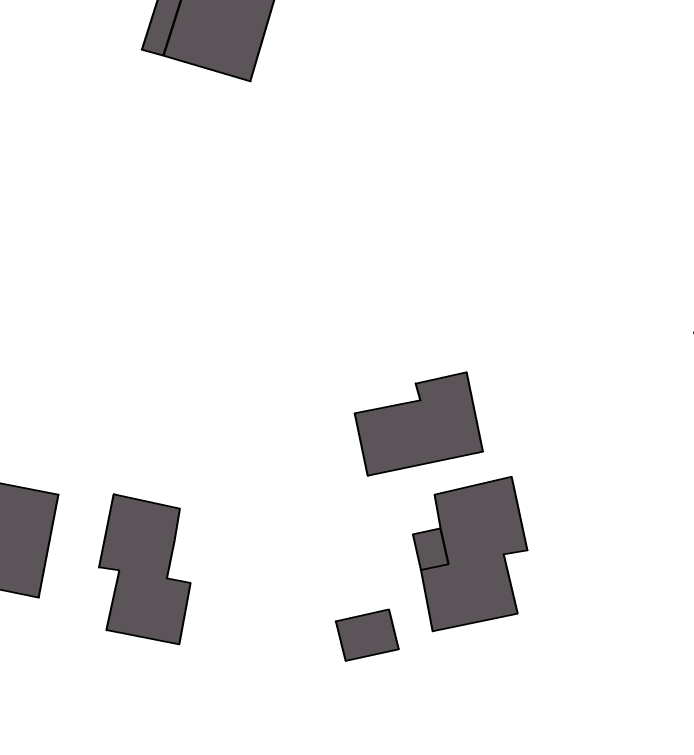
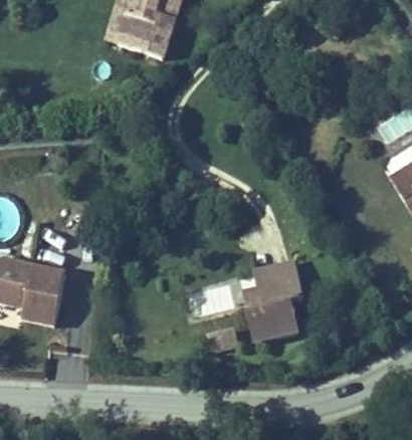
building: [355,372,483,476] -> none
building: [99,494,190,644] -> none

